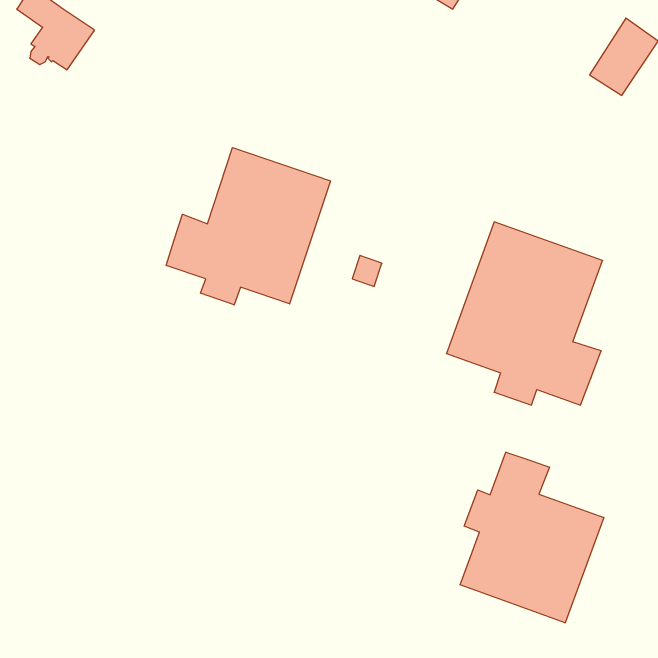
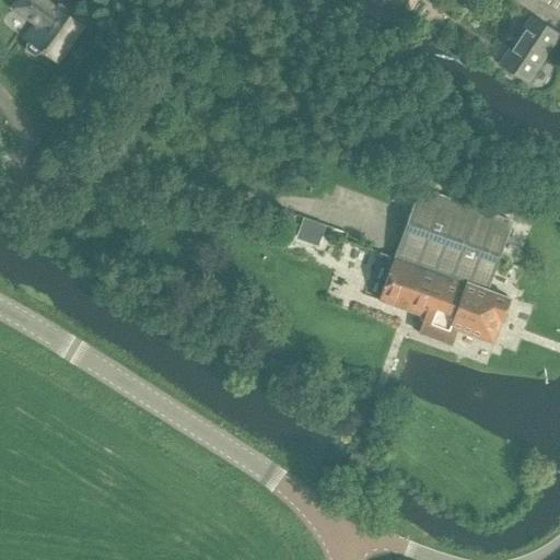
building: [166,148,331,305] -> none
building: [460,452,604,623] -> none

